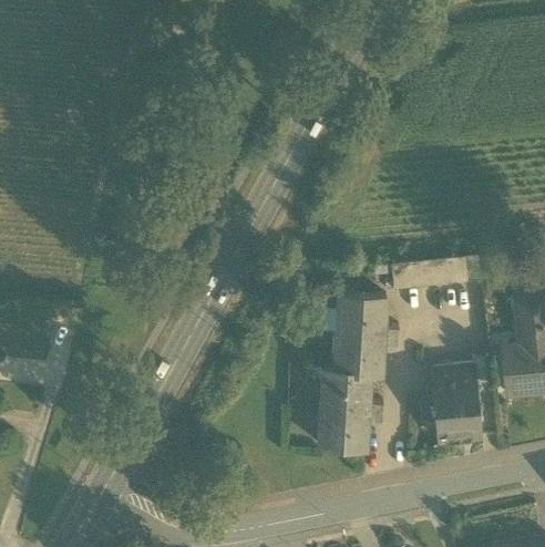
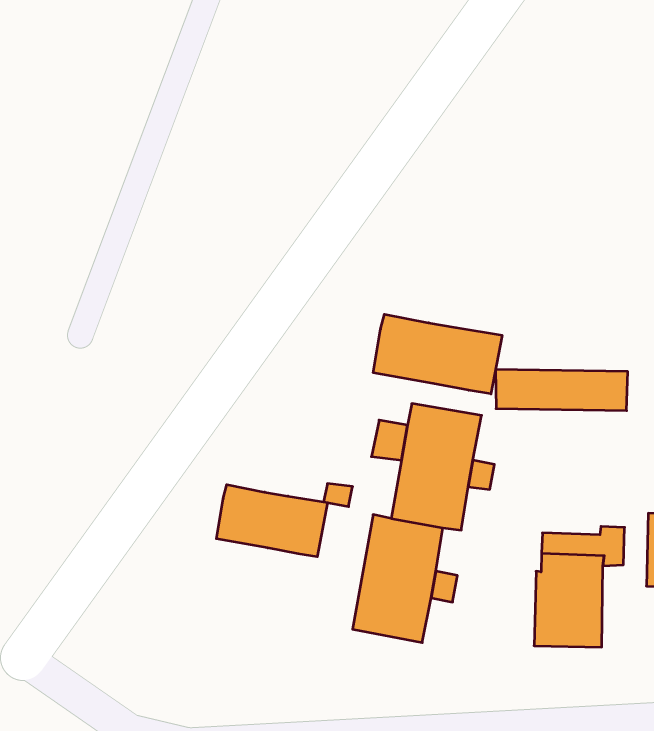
building: none -> [373,314,502,394]
building: none -> [216,485,328,557]

